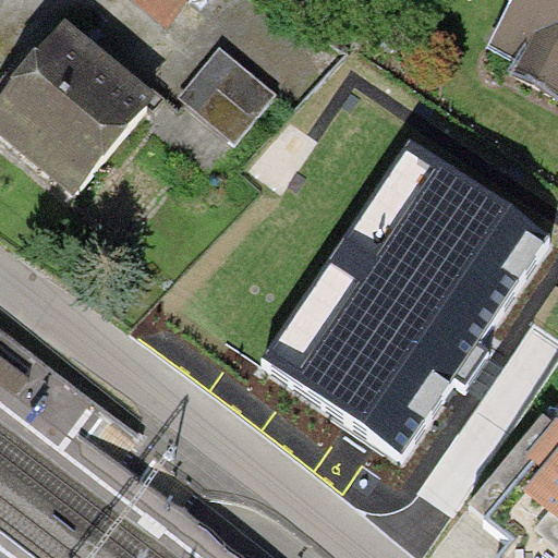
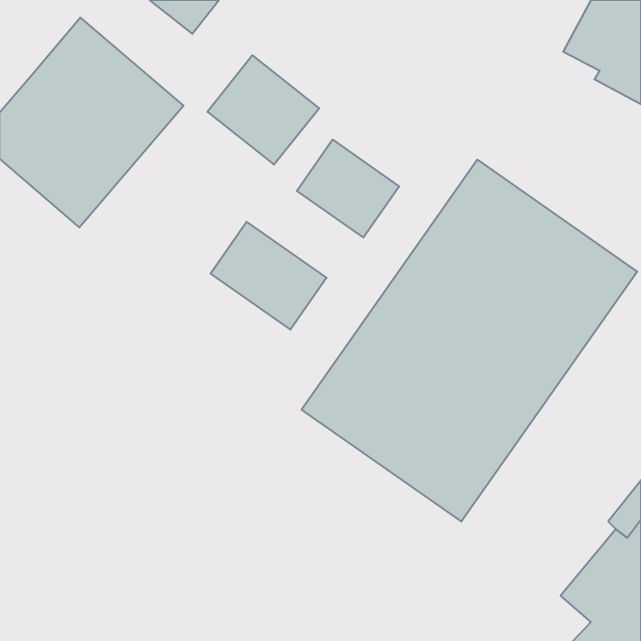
building: none -> [297,140,399,238]
building: none -> [211,222,327,330]

